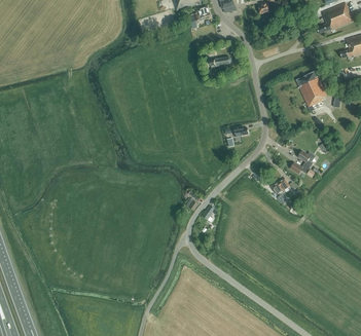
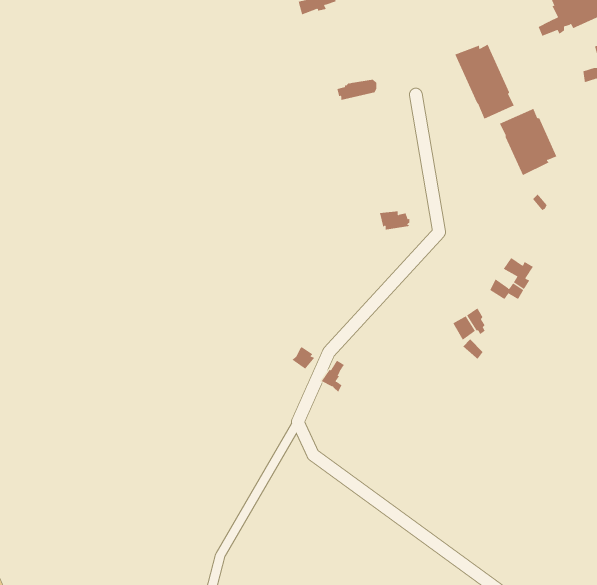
building: none -> [455,44,514,120]

